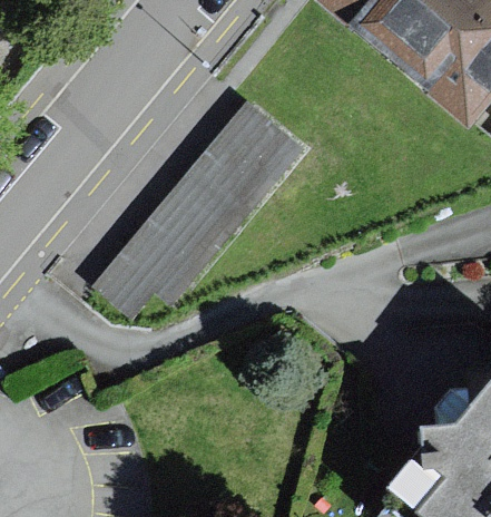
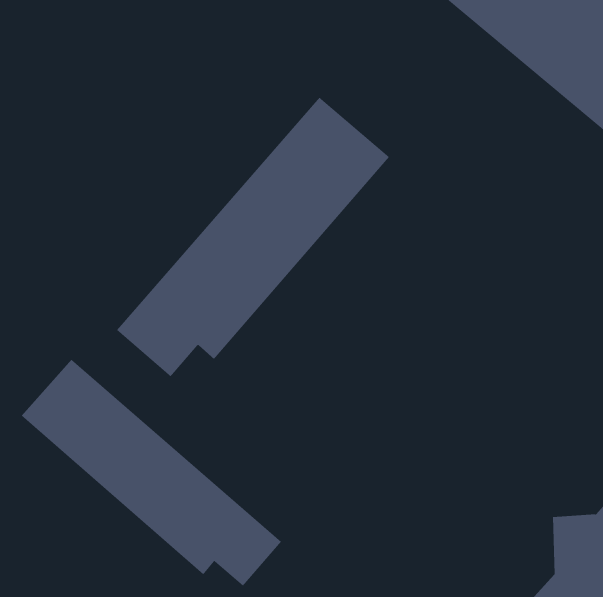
building: none -> [21,359,282,587]

